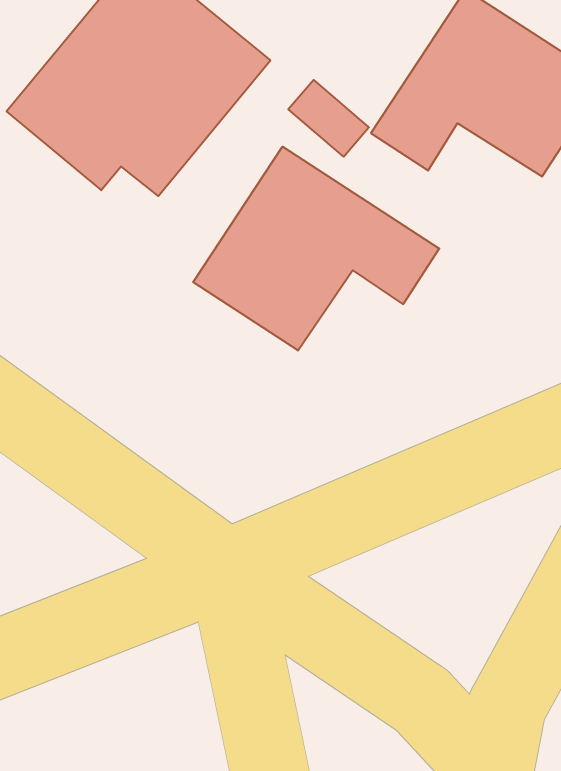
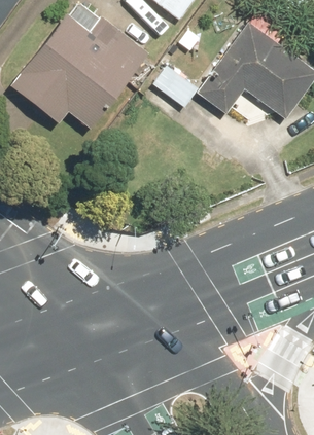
building: [193,147,439,351] -> none

